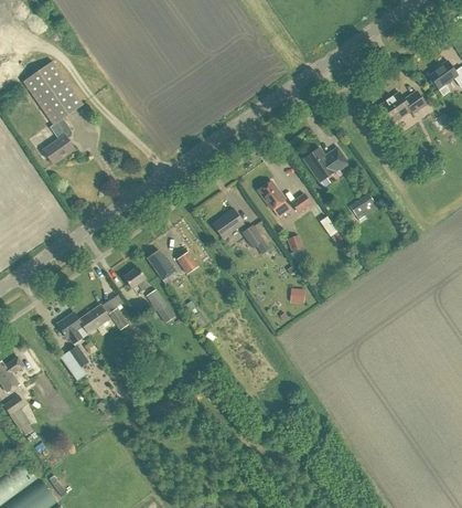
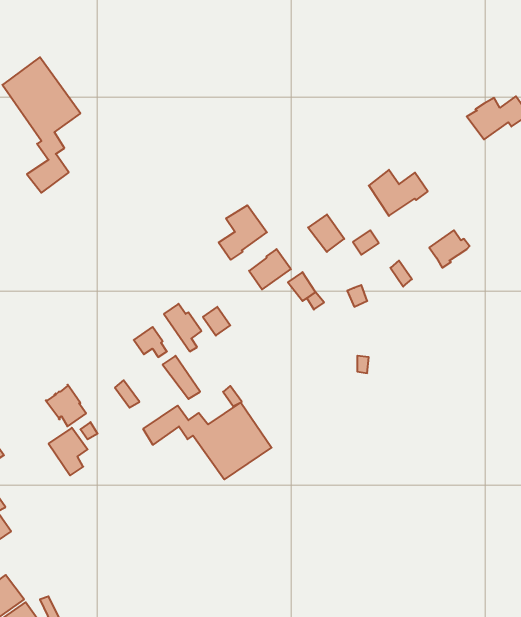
building: none -> [219,205,267,260]
building: [78,305,109,334] -> none
building: none -> [143,402,272,479]

